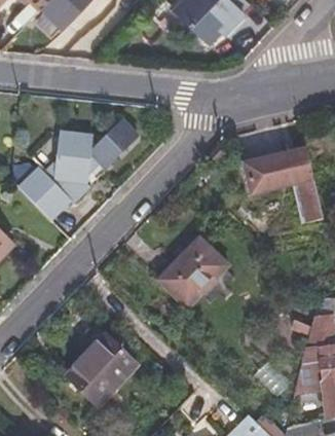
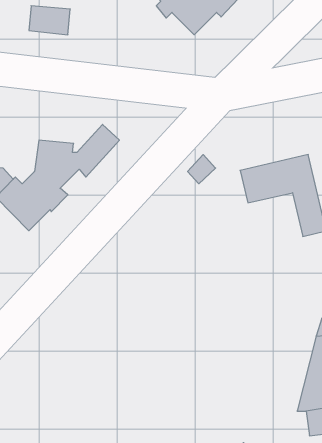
building: [159,240,227,307] -> none
building: [68,337,139,408] -> none

